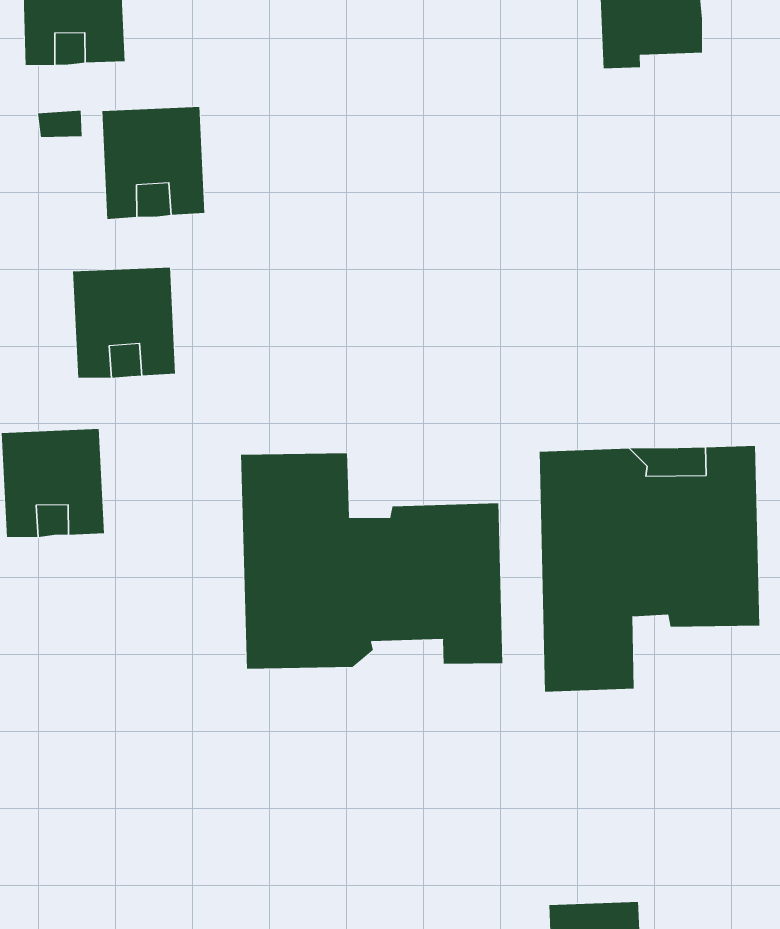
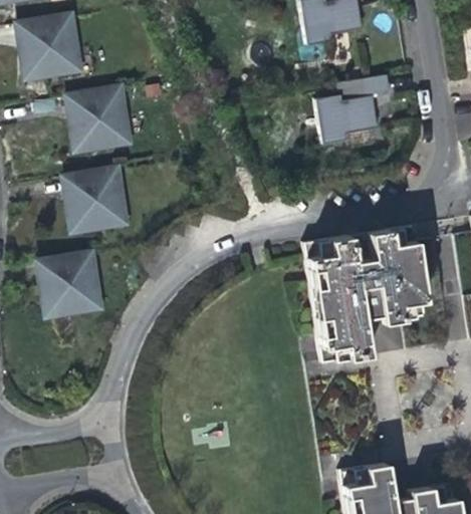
building: none -> [325,77,395,145]
building: [240,453,503,669] -> none

